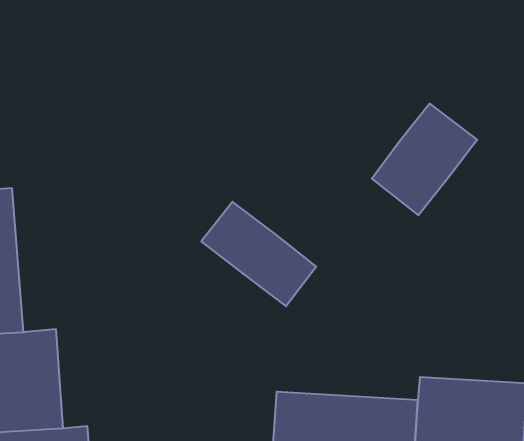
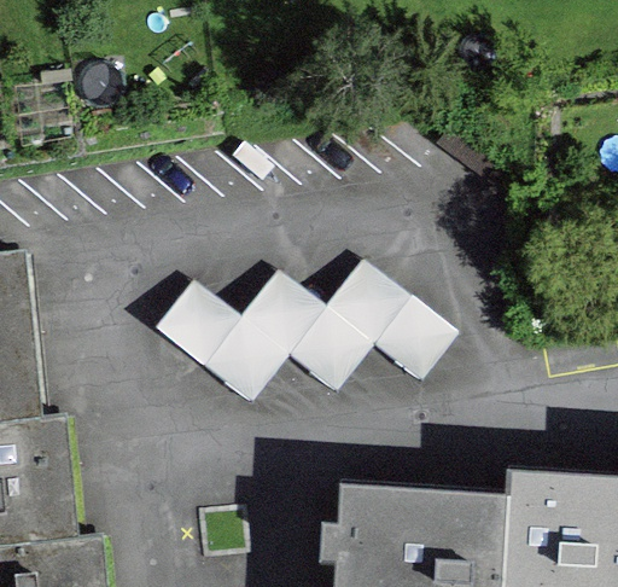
building: [372,104,477,215] -> none
building: none -> [323,260,456,383]
building: none -> [153,279,286,401]

